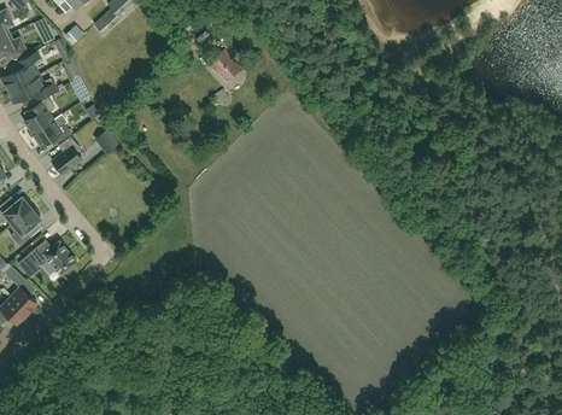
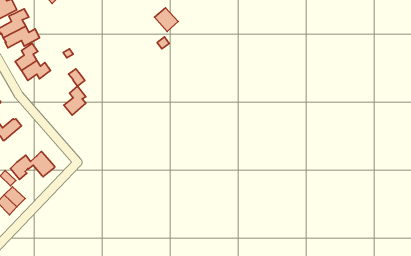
building: [51,135,80,174] -> [64,86,86,115]
building: [8,206,40,245] -> none

